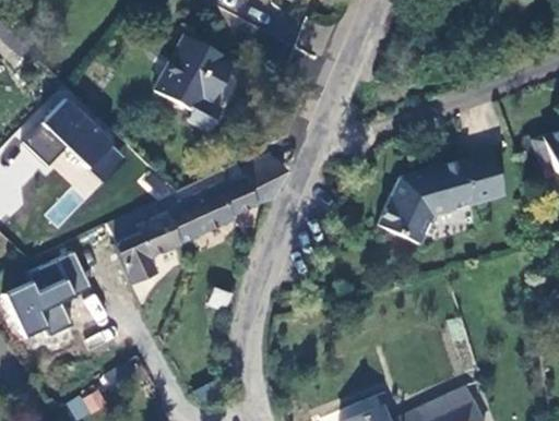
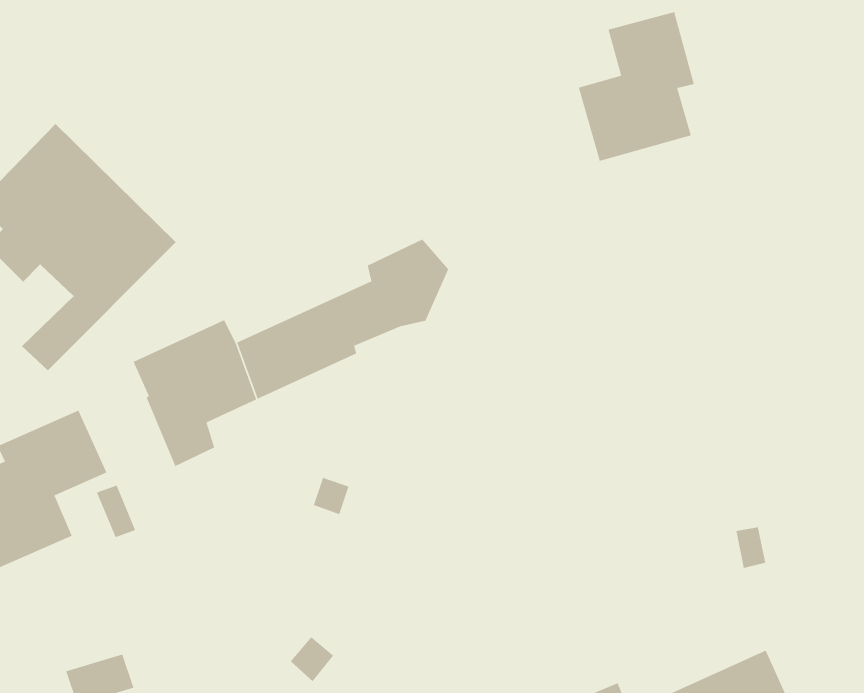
building: none -> [578,11,695,162]
building: [154,36,230,132] -> none
building: [376,154,502,245] -> none

